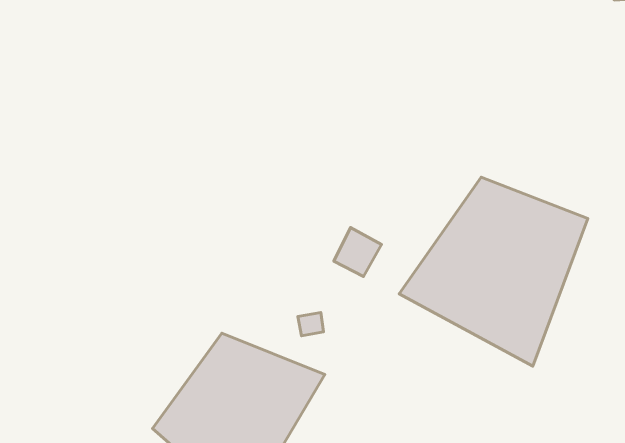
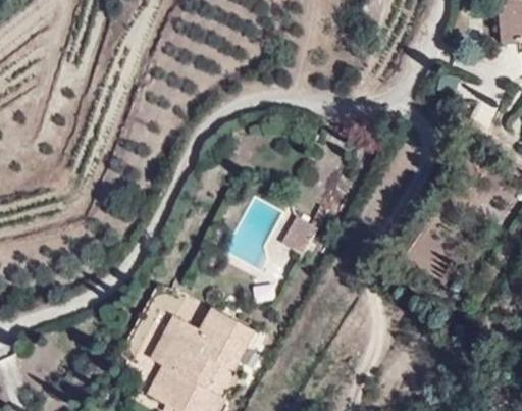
building: [399,177,588,366] -> none

